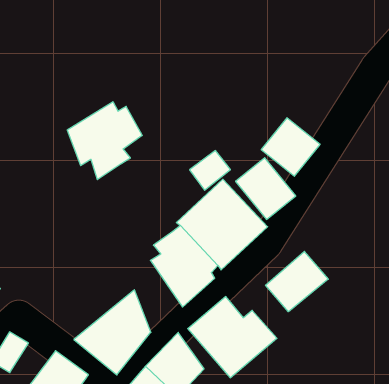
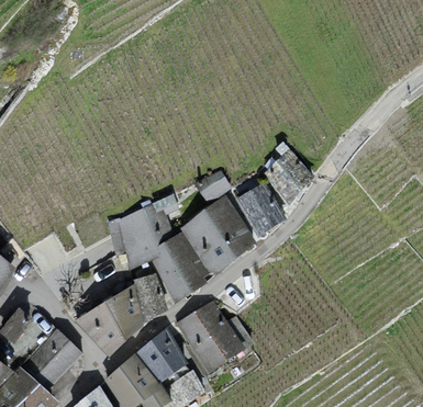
building: [67,102,142,180] -> [108,204,174,271]
building: [266,251,328,312] -> none
building: none -> [132,273,167,324]

